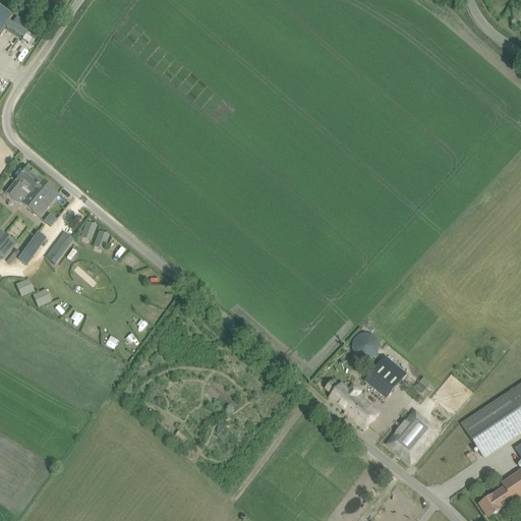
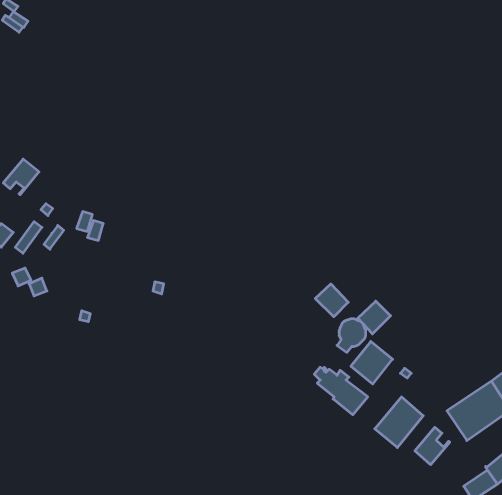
building: [23,179,58,215] -> none
building: none -> [315,284,348,317]
building: none -> [358,301,391,334]
building: none -> [415,427,450,465]

